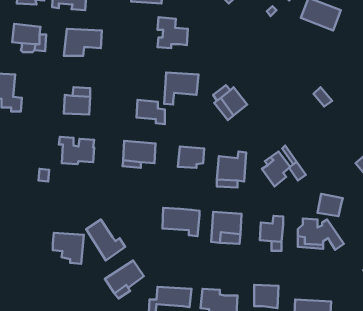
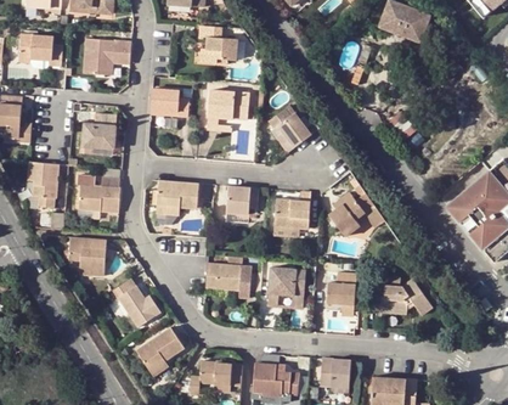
building: [136,100,165,124] -> [152,89,187,119]
building: none -> [29,162,60,208]
building: [317,194,343,216] -> none
building: [53,233,84,264] -> [68,237,107,276]

